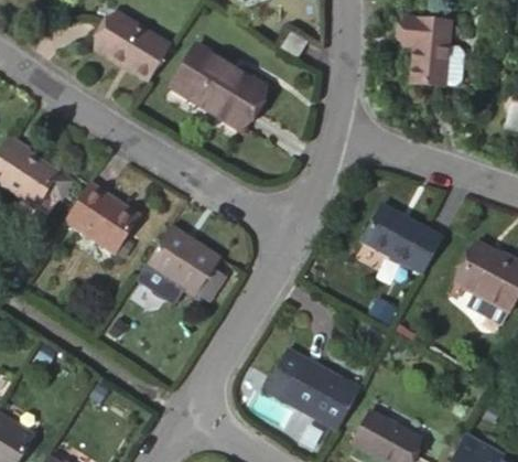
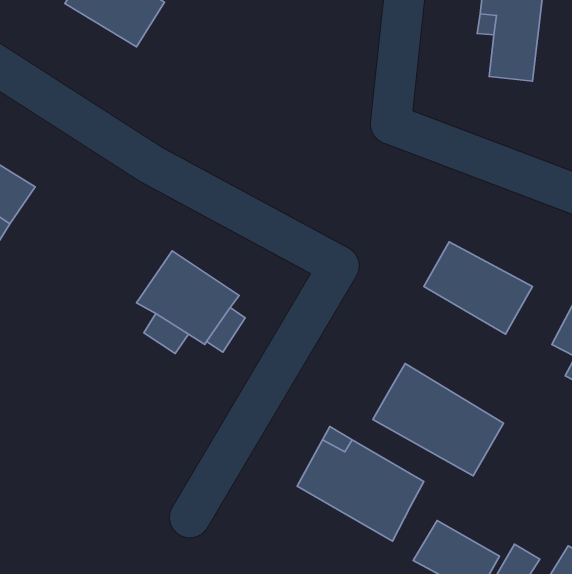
building: [172,40,268,123] -> none
building: [69,175,144,244] -> none
building: none -> [373,364,503,476]

